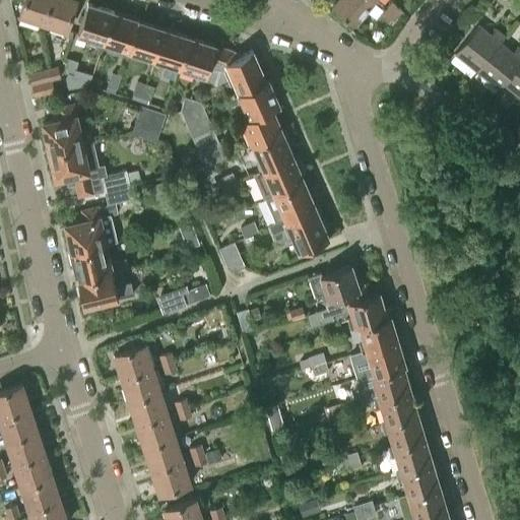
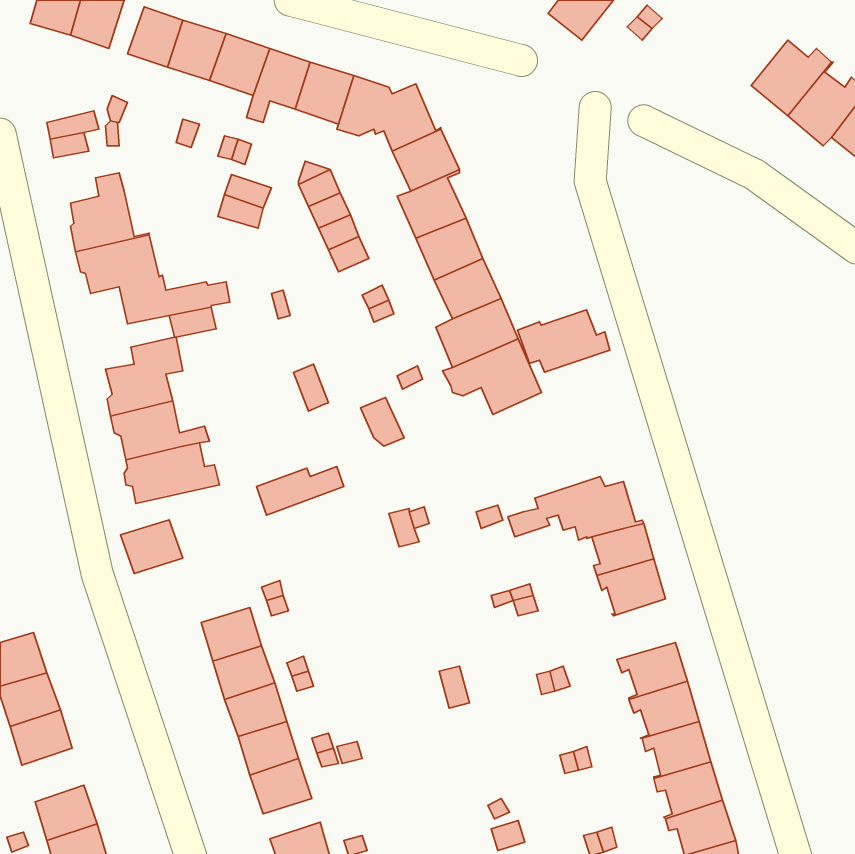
building: [309,266,365,304] -> [518,310,610,372]
building: [115,346,152,379] -> [121,520,183,573]
building: [368,365,410,401] -> none
building: [14,455,52,488] -> none

